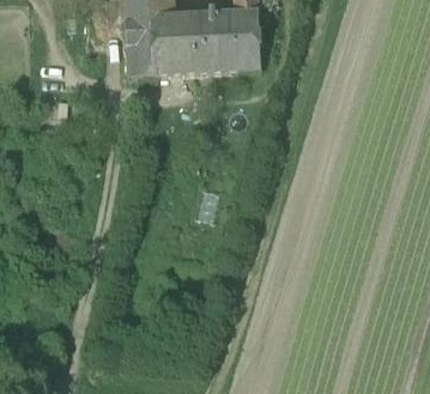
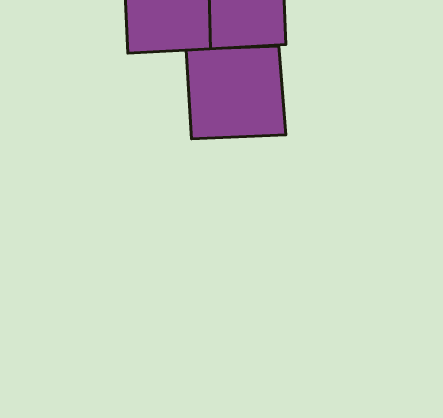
building: none -> [186,46,286,139]

